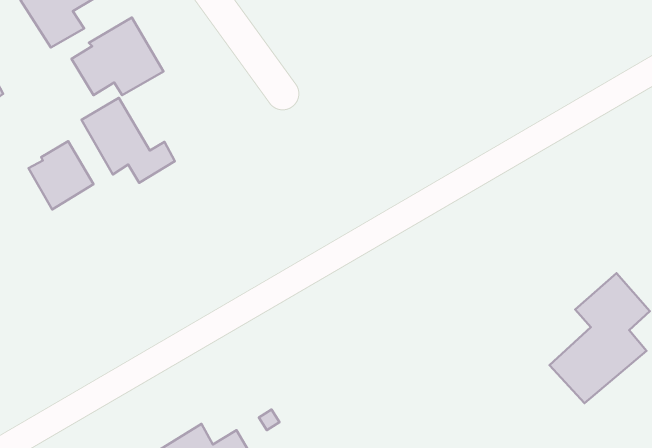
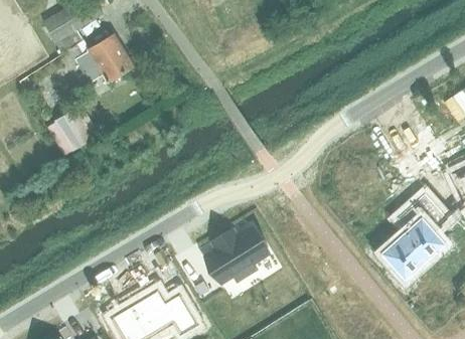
building: [81,98,175,183] -> none
building: none -> [203,228,268,284]

